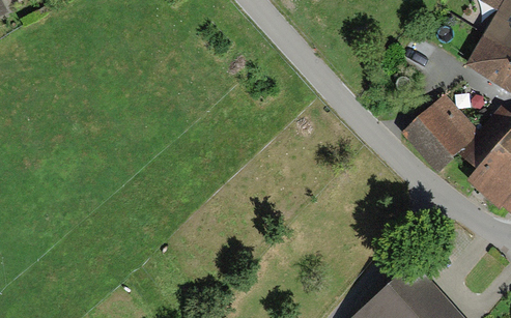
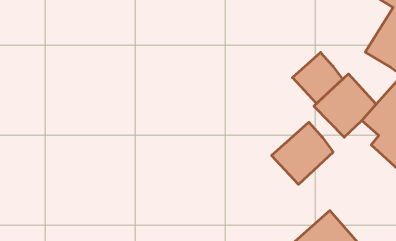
building: none -> [292,52,343,104]
building: none -> [272,122,333,184]

